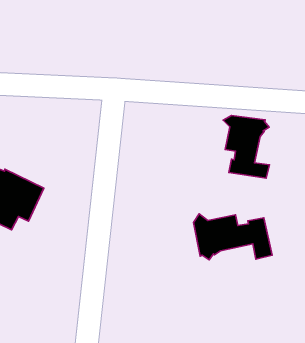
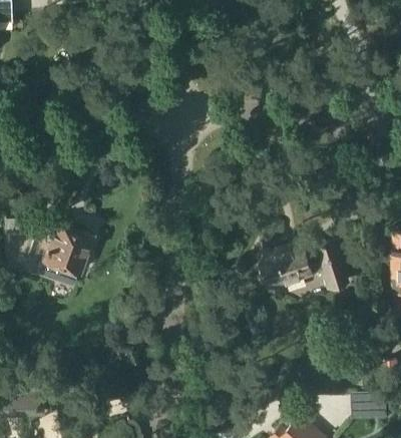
building: [223,115,270,178] -> none

